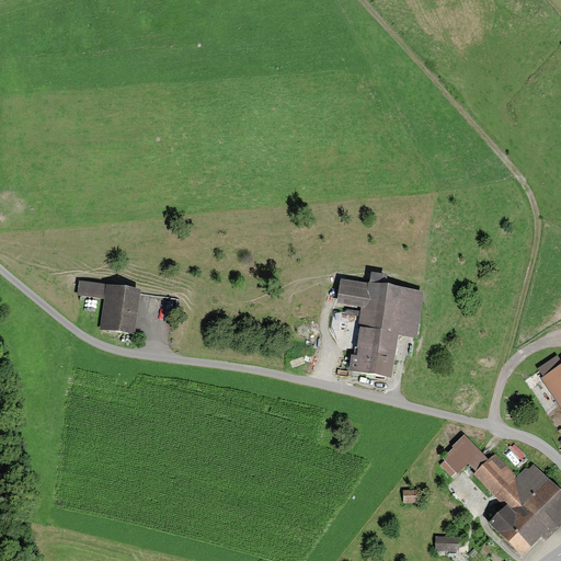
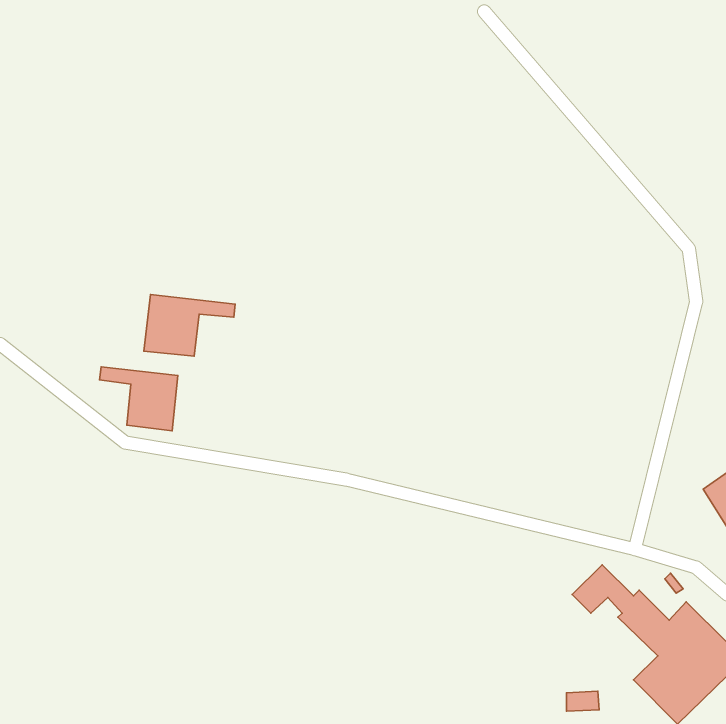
building: none -> [144,295,235,356]
building: [337,279,421,367] -> none

